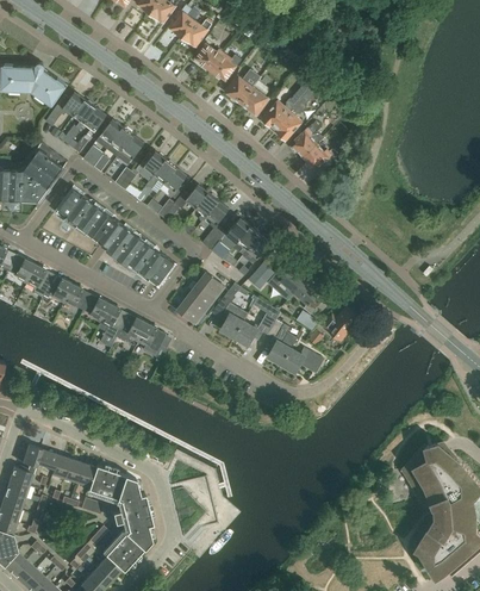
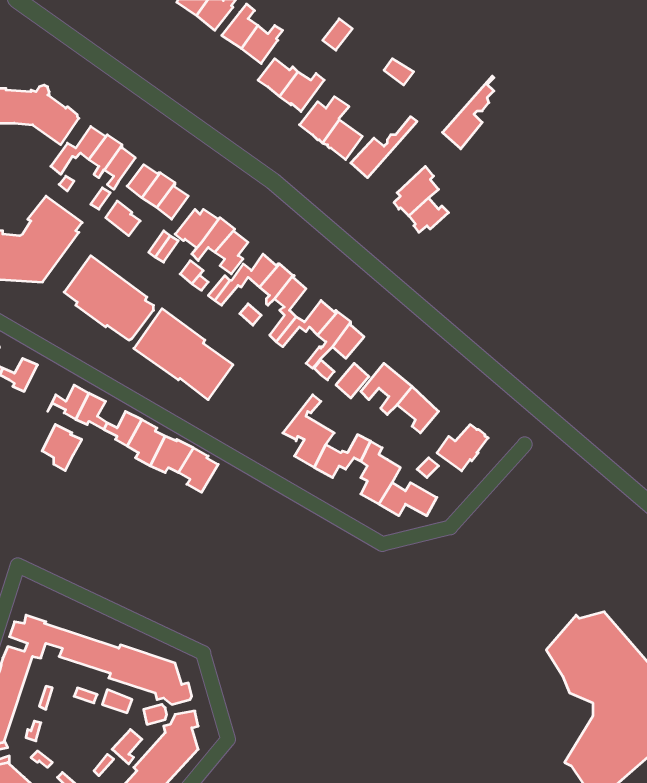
building: [273,89,310,142] -> [442,76,494,149]
building: [26,265,55,298] -> [42,424,82,471]
building: [176,273,225,325] -> none

